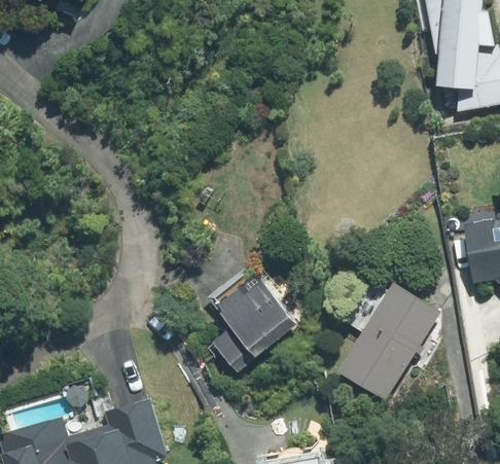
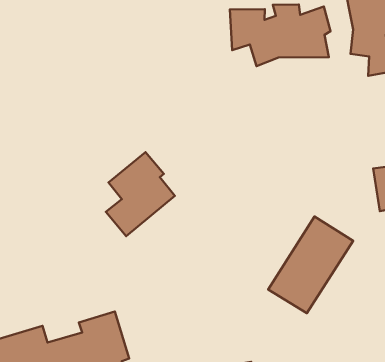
building: none -> [230,4,330,66]
building: [212,270,296,372] -> [106,152,175,236]

